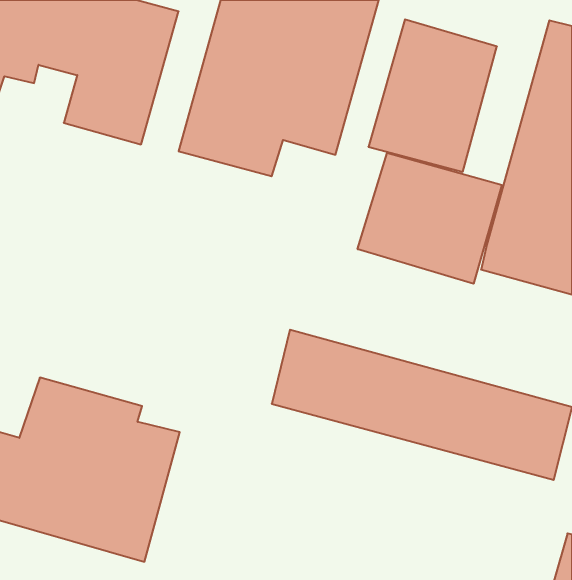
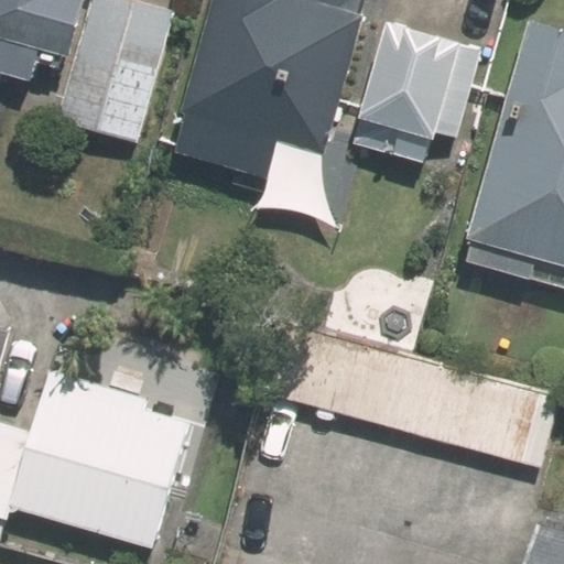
building: [358,153,502,284] -> none

